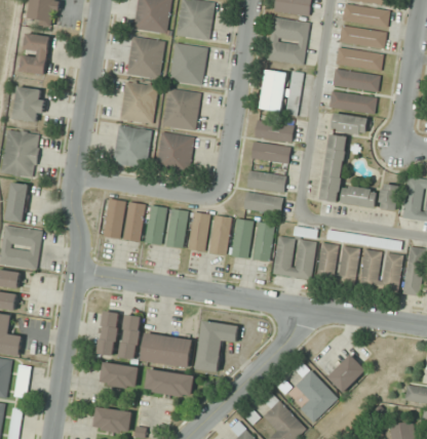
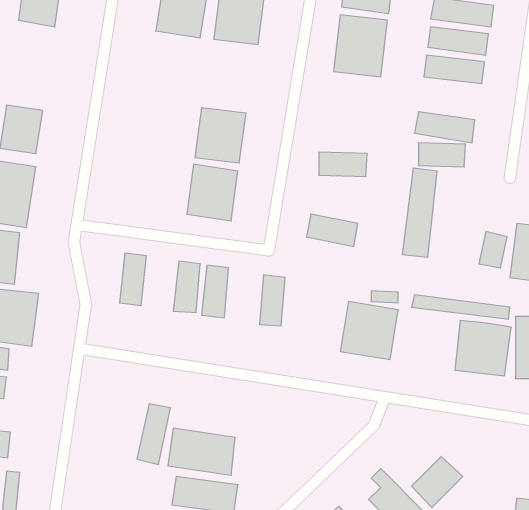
building: [20,32,50,75] -> none
building: [125,37,164,79] -> none
building: [168,42,208,86] -> none
building: [260,70,302,115] -> none
building: [332,70,379,91] -> none
building: [119,80,157,124] -> none
building: [113,126,151,167] -> none
building: [250,141,290,166] -> none
building: [340,184,377,208] -> none
building: [244,195,281,212] -> none
building: [123,202,145,241] -> none
building: [186,211,210,252] -> none
building: [232,218,251,257] -> none
building: [253,223,274,261] -> none
building: [316,243,358,285] -> none
building: [98,311,119,355] -> none
building: [195,320,238,372] -> none
building: [100,362,138,389] -> none

